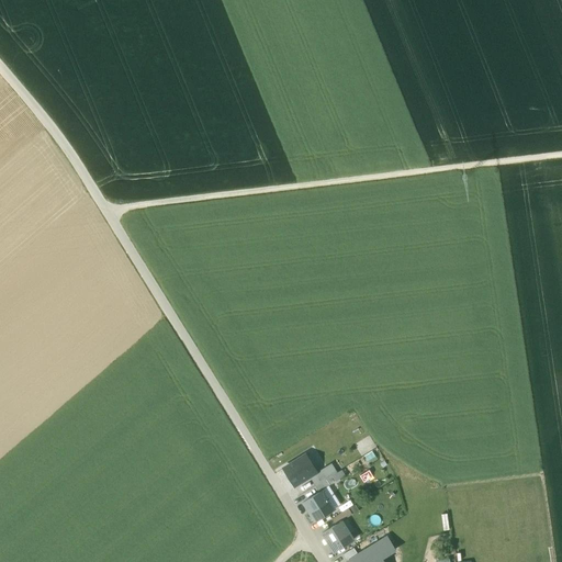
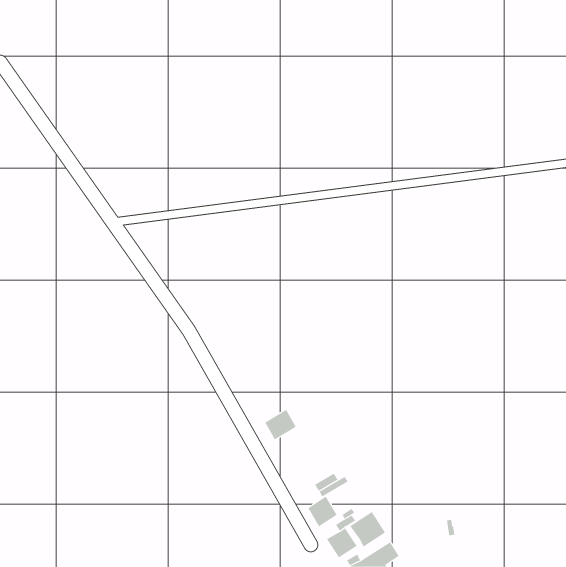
building: [285,456,317,486] -> [264,409,297,440]
building: none -> [349,511,386,547]

